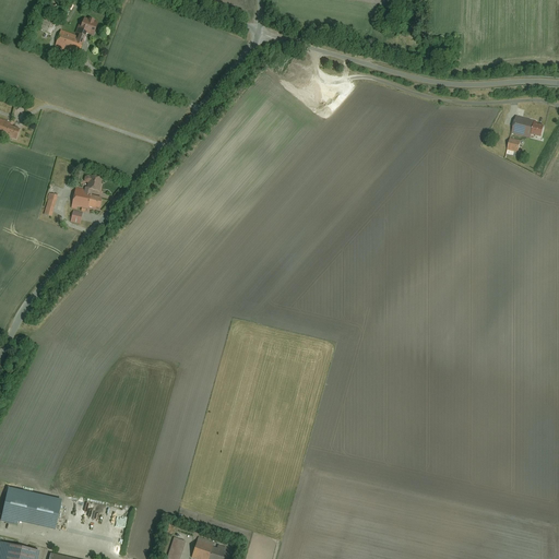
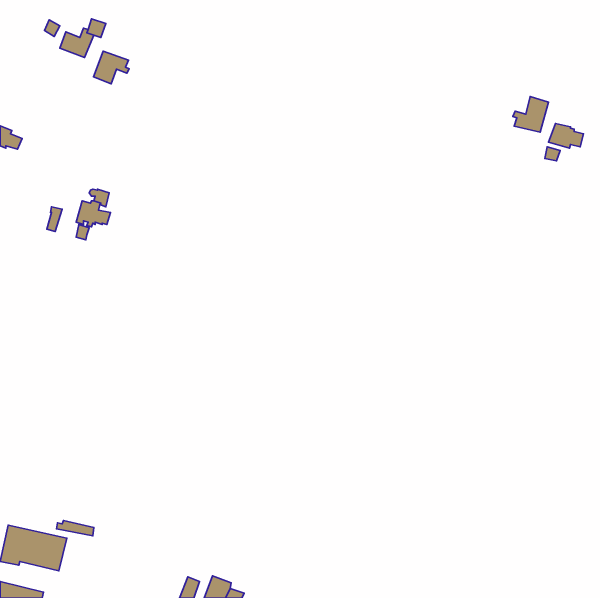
building: none -> [93,51,129,84]
building: none -> [513,96,549,132]

